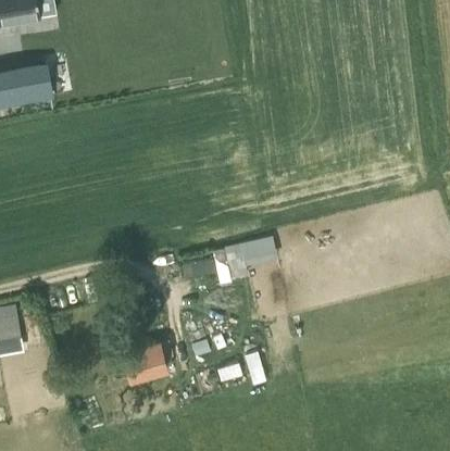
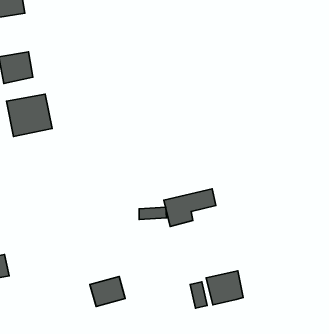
building: none -> [7,94,52,136]
building: none -> [206,271,243,305]

